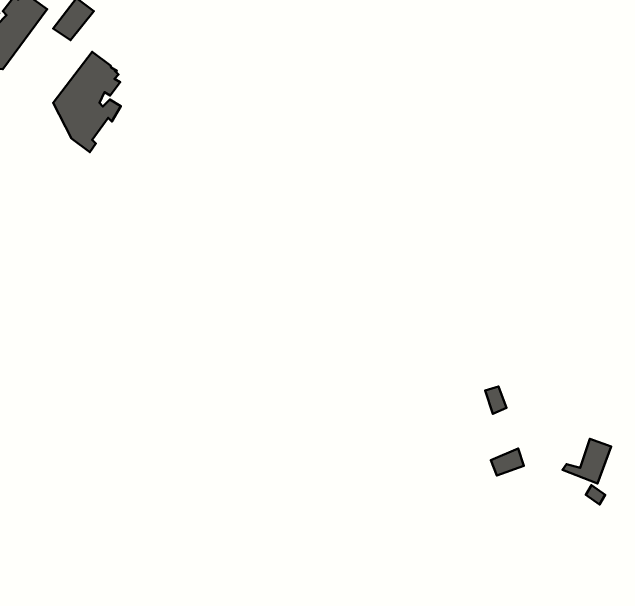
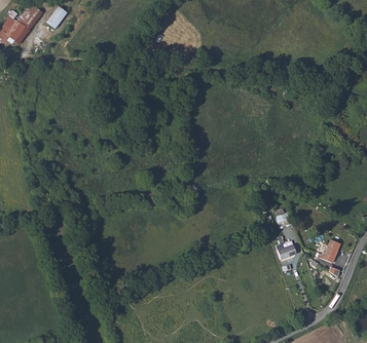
building: [53,52,121,152] -> none

